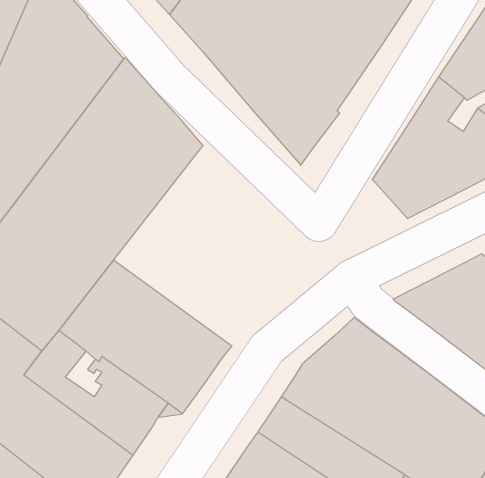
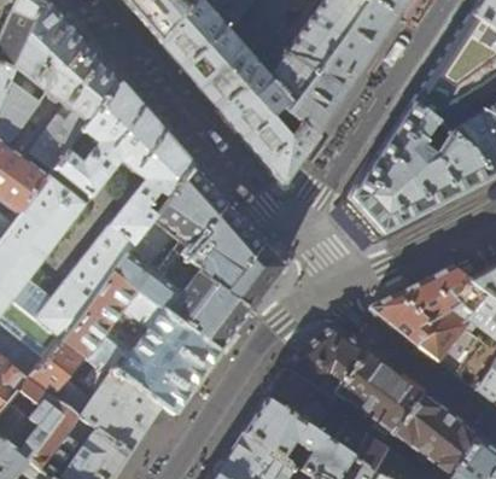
building: none -> [111,168,282,352]

